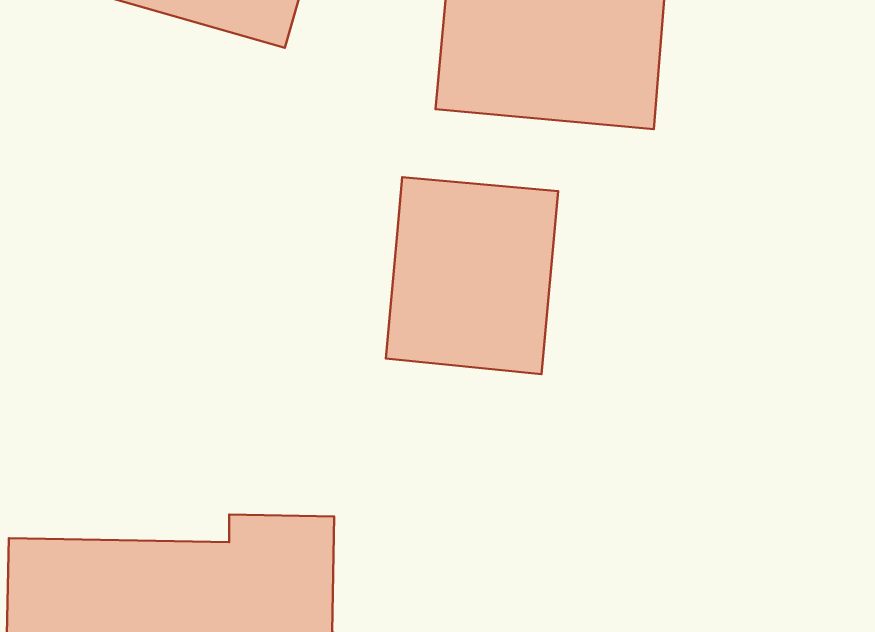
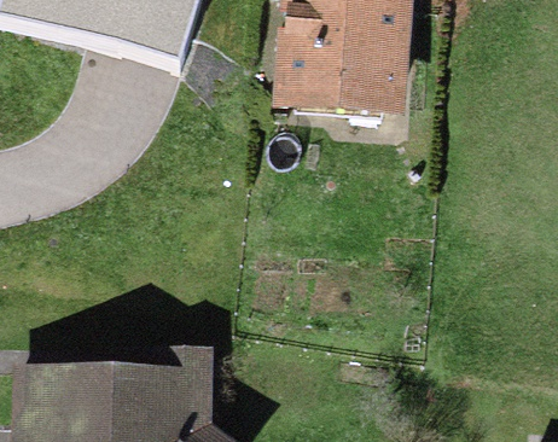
building: [386,177,558,374] -> none

